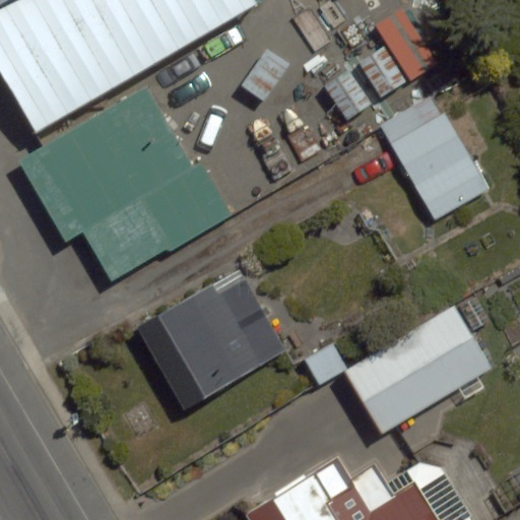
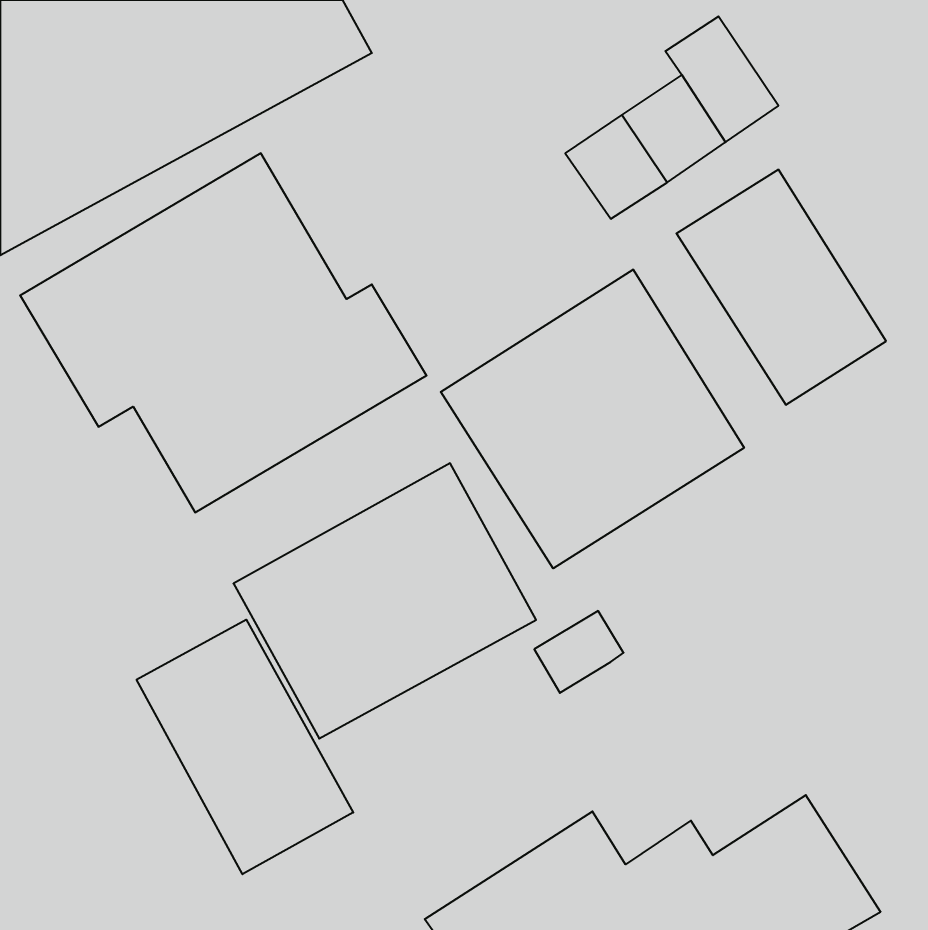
building: none -> [441,269,744,568]
building: [343,299,501,435] -> none
building: none -> [137,620,353,874]

